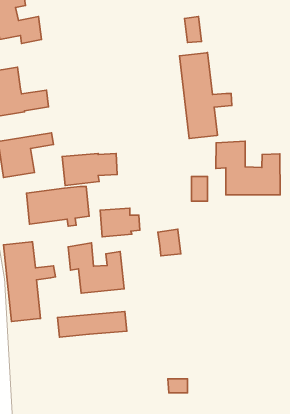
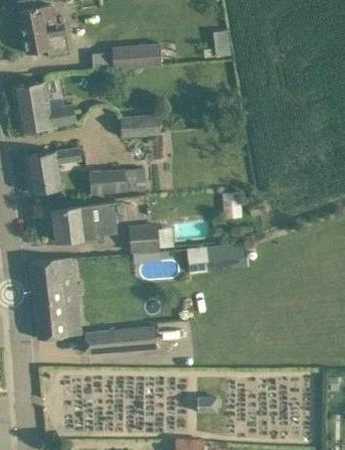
building: none -> [113,44,162,70]
building: [179,53,232,139] -> none
building: none -> [122,115,161,137]
building: [216,141,280,195] -> none
building: [68,243,124,293] -> none

